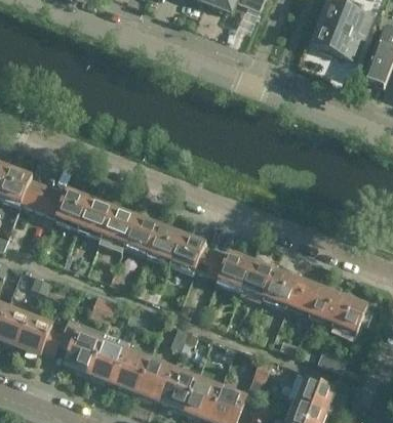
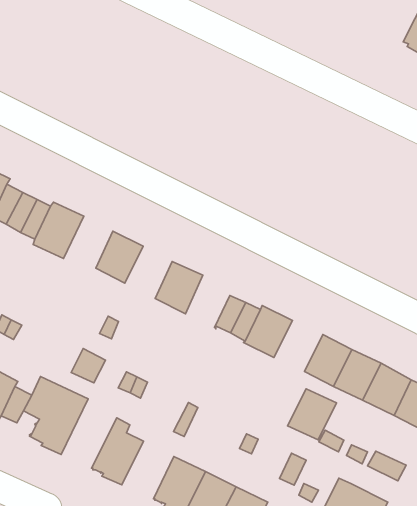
building: [78,197,113,239] -> none
building: [125,215,159,253] -> none
building: [172,232,206,270] -> none
building: [241,260,276,297] -> [288,389,337,440]
building: [89,332,129,383] -> none
building: [136,359,173,401] -> none

